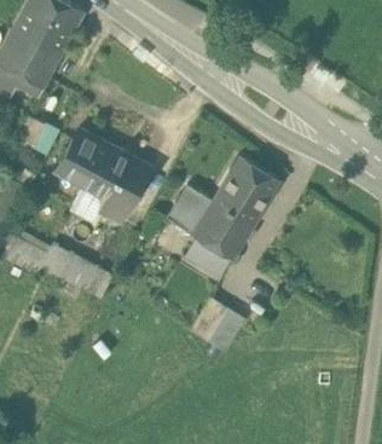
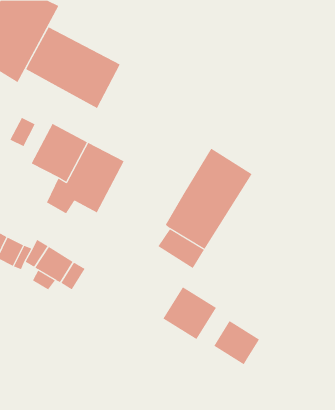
building: none -> [26,26,120,109]
building: [169,185,213,233] -> none
building: none -> [213,320,260,365]

